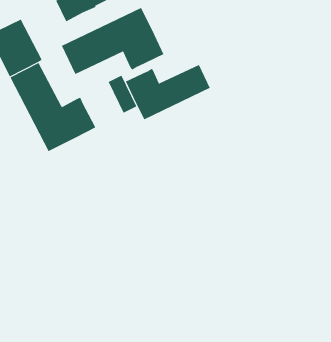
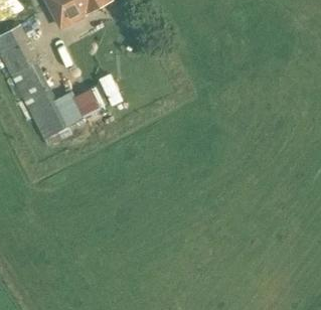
building: [61,7,164,75] -> none
building: [125,64,210,120] -> none

